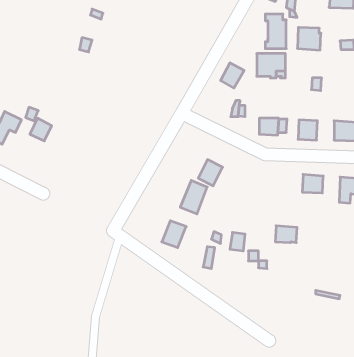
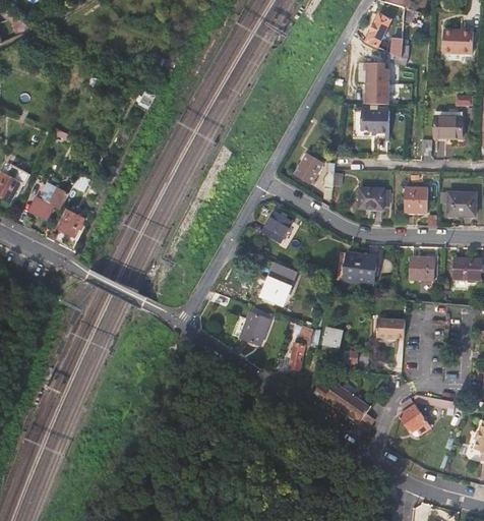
building: [297,27,321,50] -> [434,111,463,138]
building: [221,63,244,88] -> [295,153,323,183]
building: [30,118,52,141] -> [58,210,84,237]
building: [198,160,223,186] -> [261,211,291,242]
building: none -> [349,253,376,284]
building: none -> [312,382,374,430]
building: none -> [399,398,429,437]

